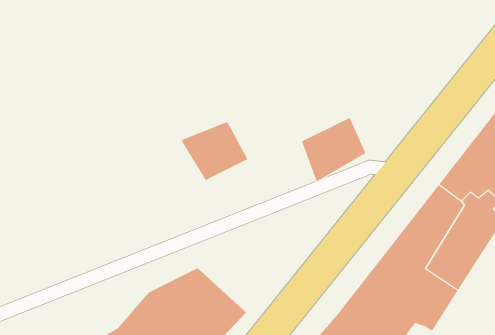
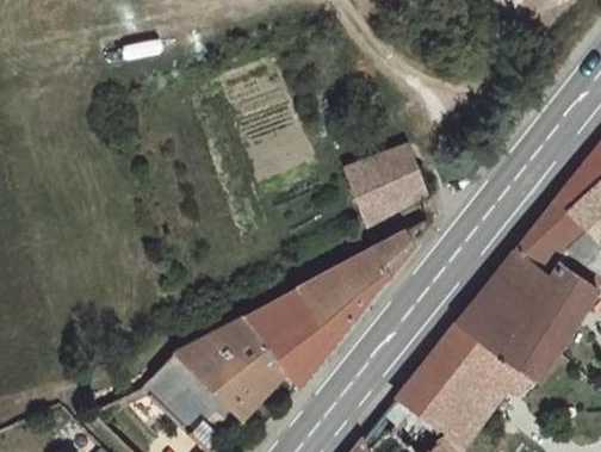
building: [181,121,248,181] -> none
building: none -> [238,227,441,394]

